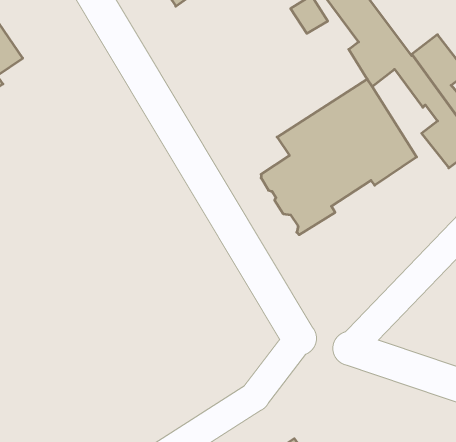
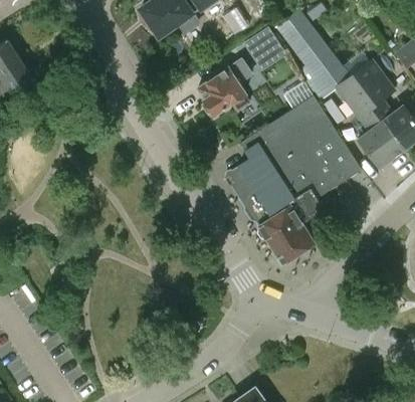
building: none -> [198,59,251,114]
building: none -> [258,158,362,260]

